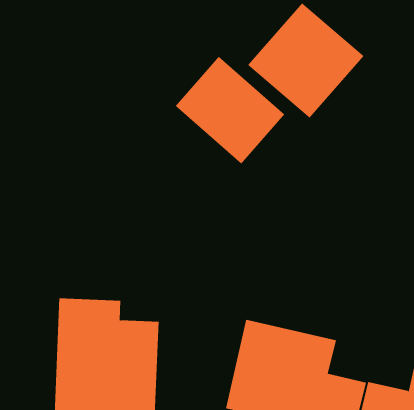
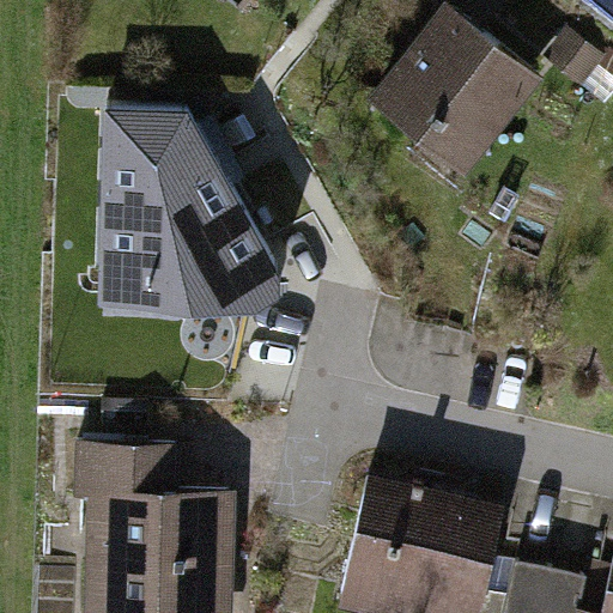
building: [175,56,285,164] -> none
building: none -> [95,96,279,296]

